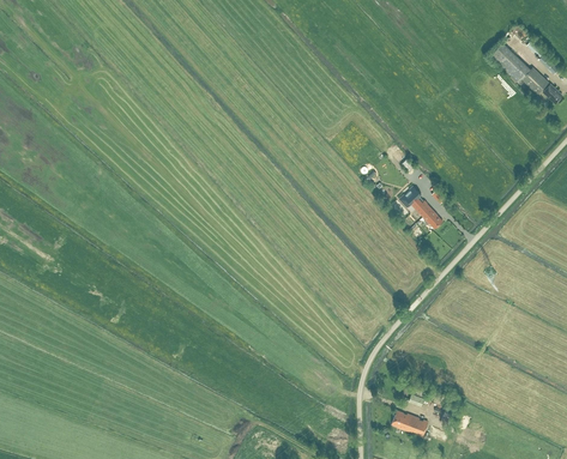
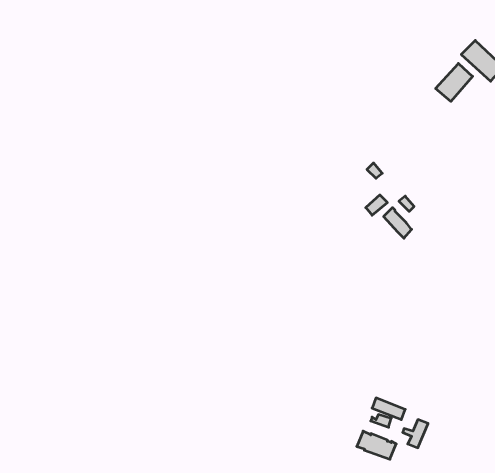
building: none -> [436,63,473,101]

